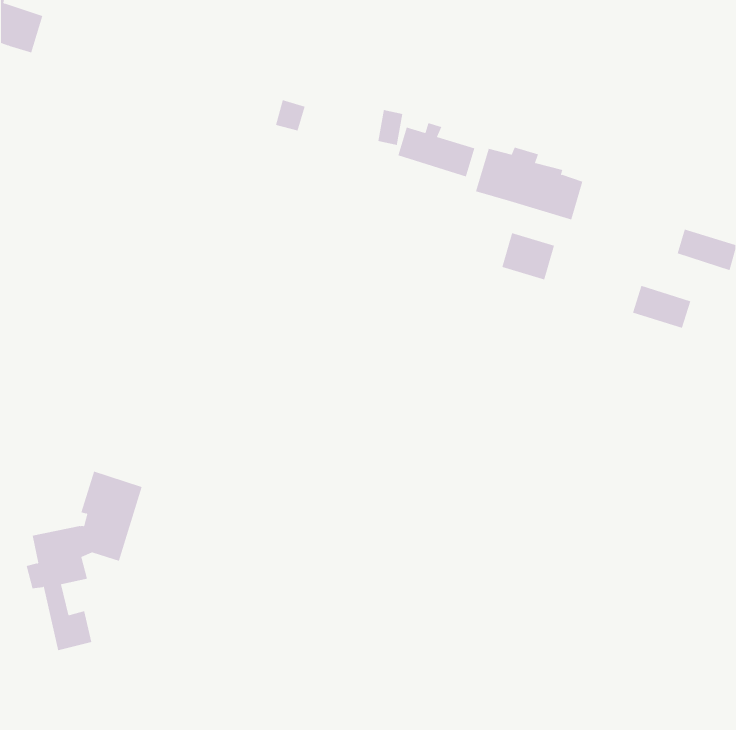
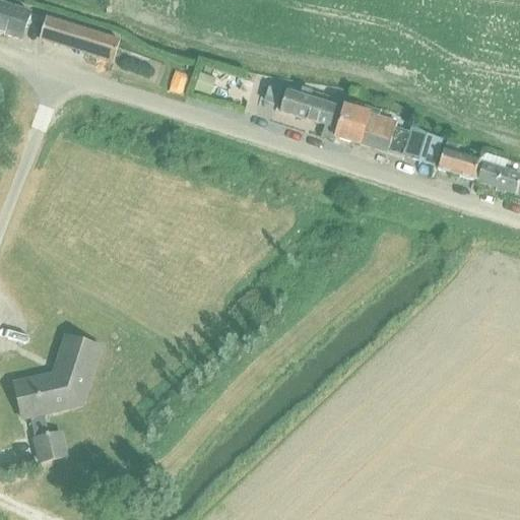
building: none -> [40,15,120,60]
building: [502,232,555,280] -> [404,128,442,161]
building: [632,285,691,329] -> [438,147,479,178]

